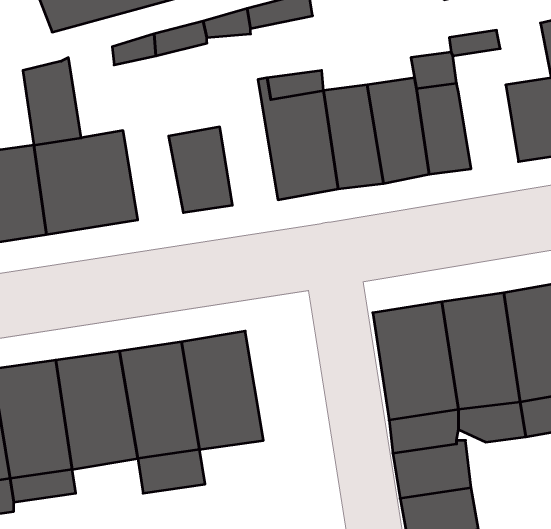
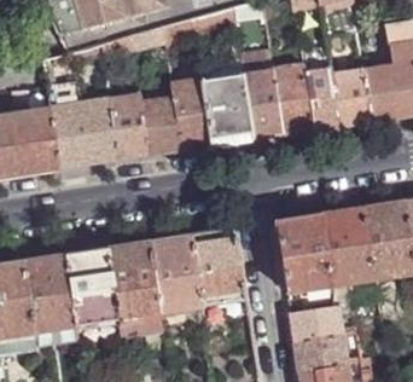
building: none -> [332,69,372,125]
building: none -> [173,80,213,149]
building: none -> [110,96,150,158]
building: none -> [191,226,245,305]

